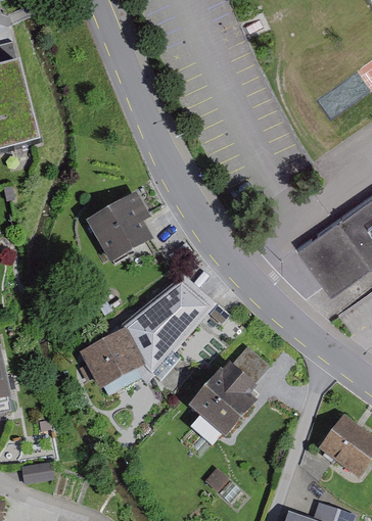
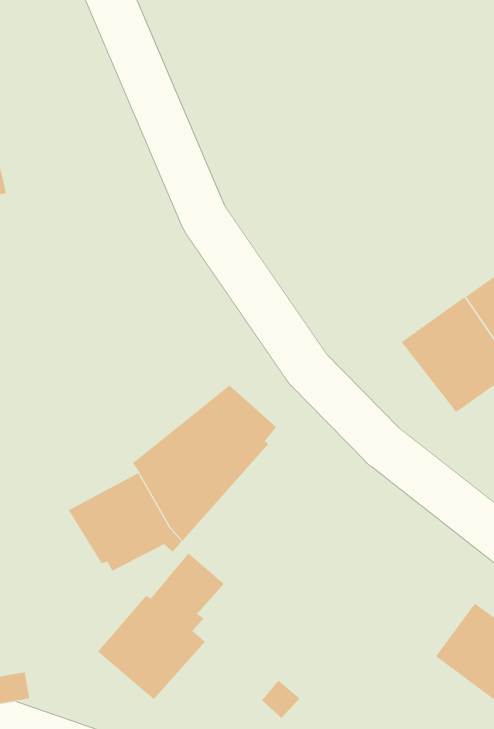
building: [84,192,153,266] -> none
building: [188,344,271,440] -> [97,552,224,700]

